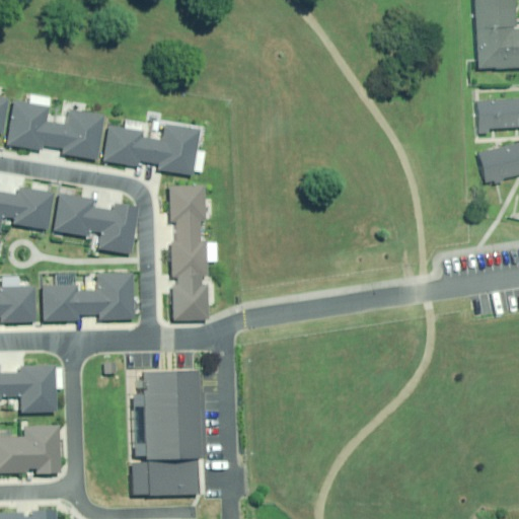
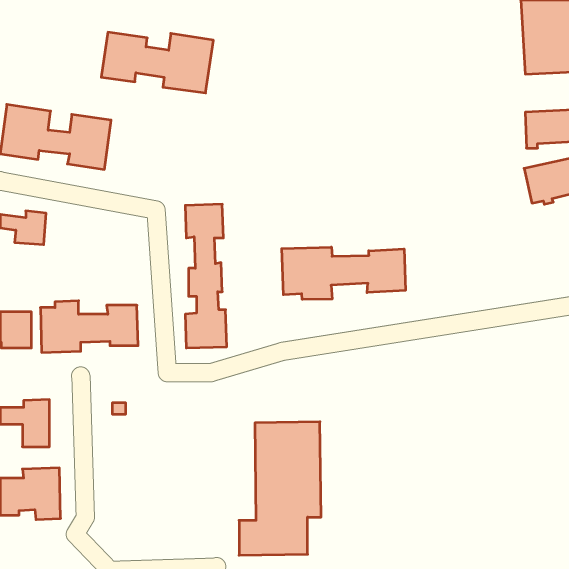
building: [102,121,204,175] -> [101,32,213,93]
building: [53,193,134,248] -> none
building: none -> [282,247,405,299]
building: [131,378,205,499] -> [239,422,321,555]

